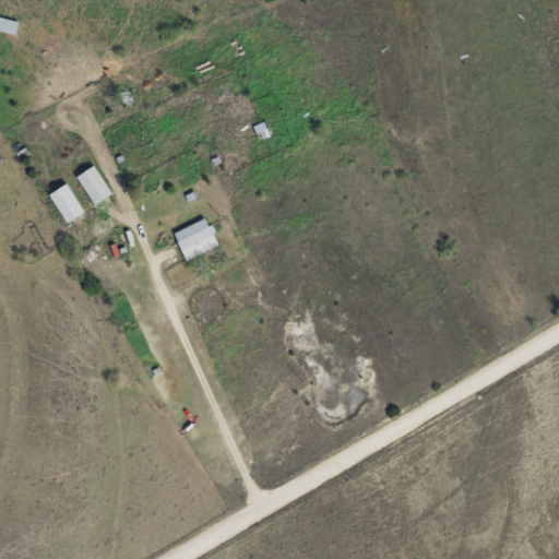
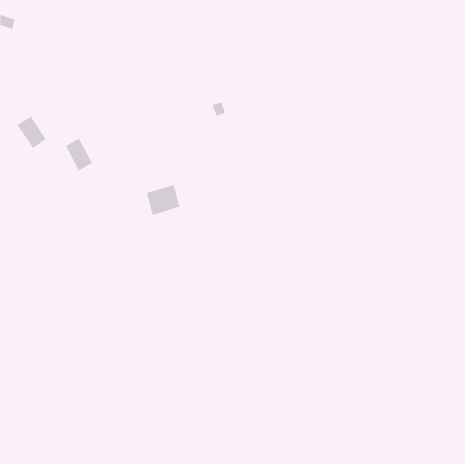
building: [48,183,84,224] -> [17,116,47,149]

